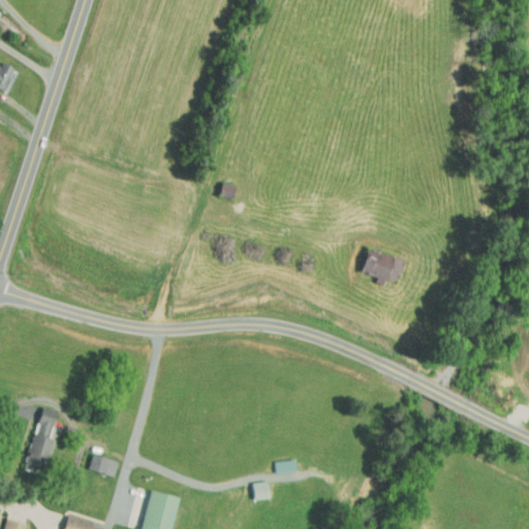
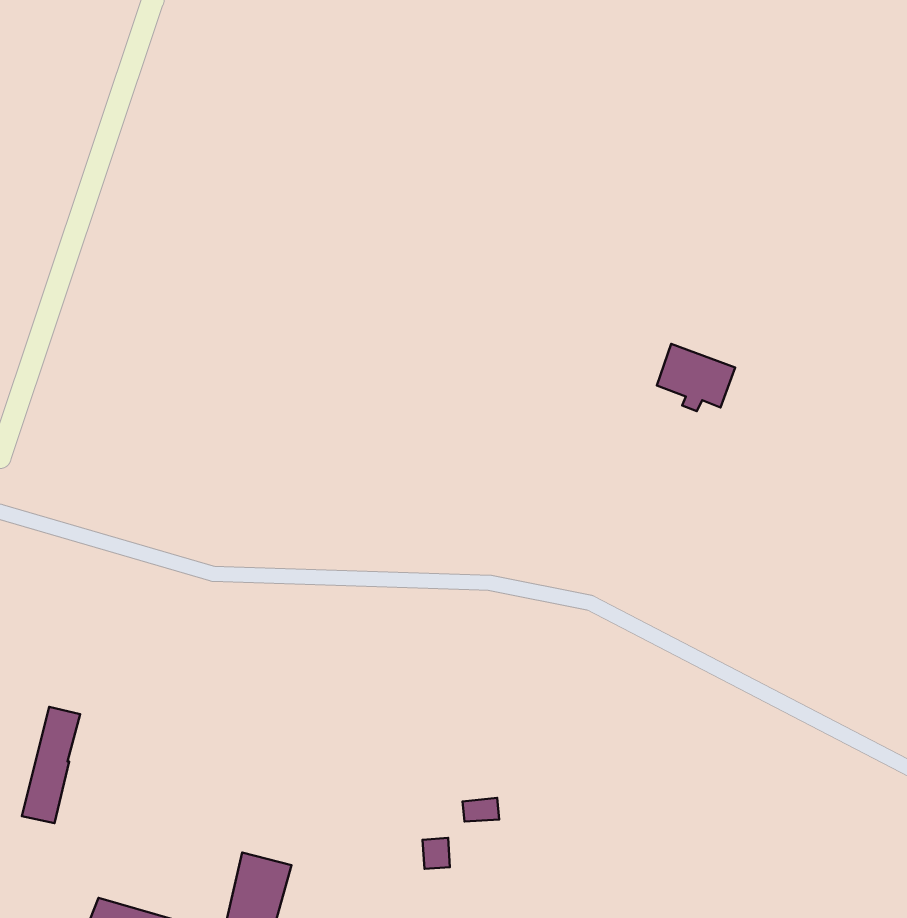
building: [362,248,406,286] -> [657,344,735,411]
building: [90,455,120,477] -> none

